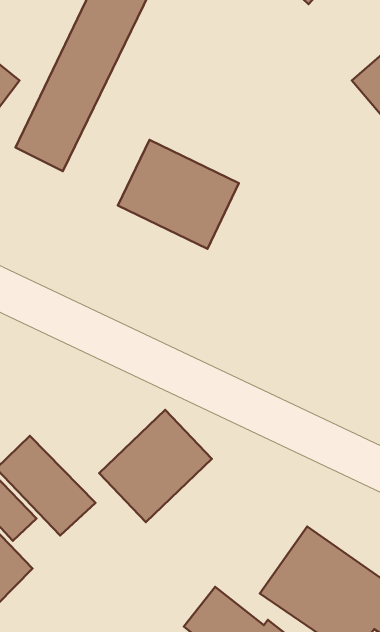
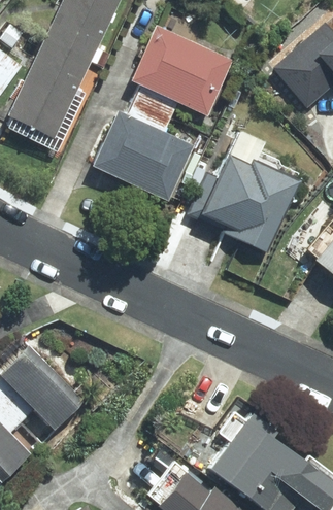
building: none -> [136,28,229,112]
building: none -> [193,162,291,252]
building: [99,410,212,522] -> none

